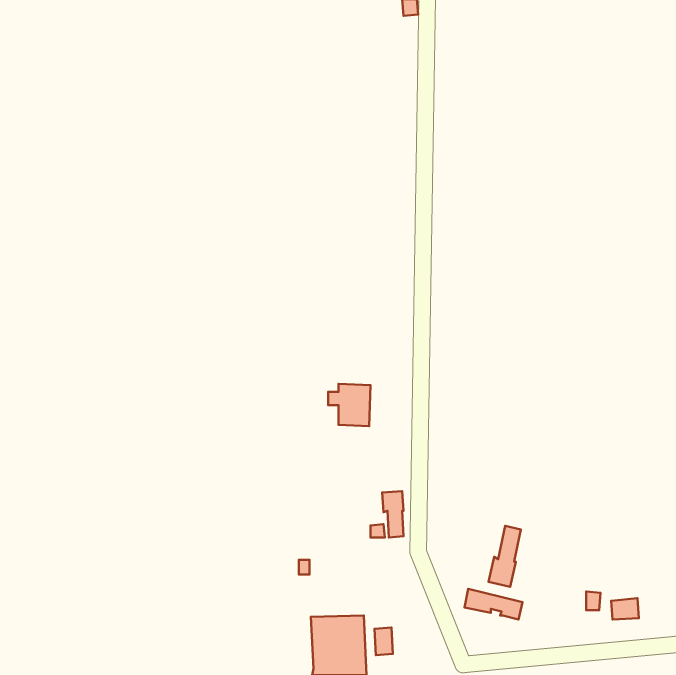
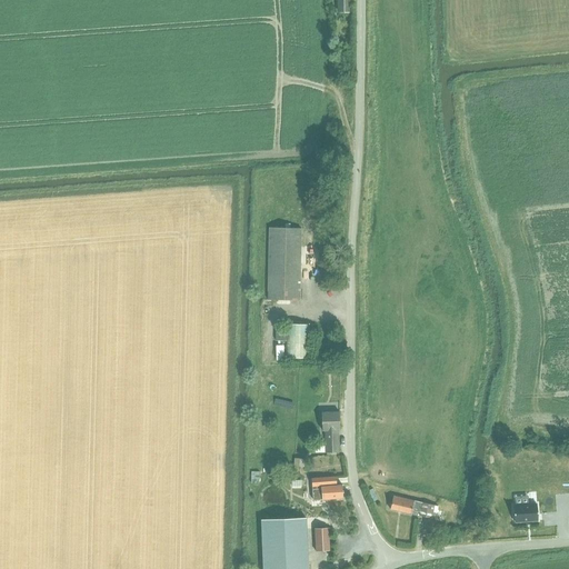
building: none -> [268,227,301,299]
building: [488,526,521,587] -> none
building: none -> [315,477,342,498]

